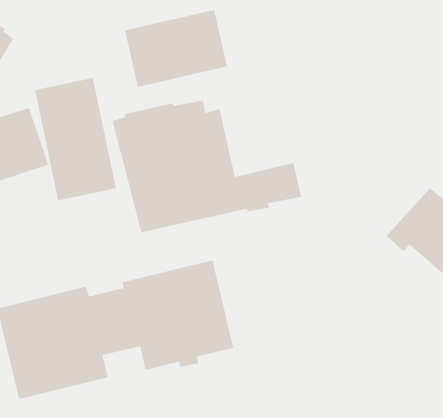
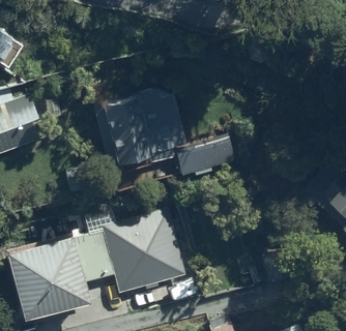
building: [124,9,228,88] -> none
building: [34,77,117,201] -> none

